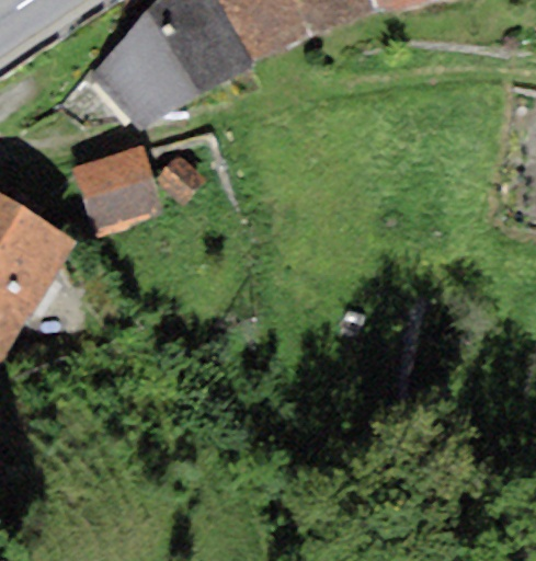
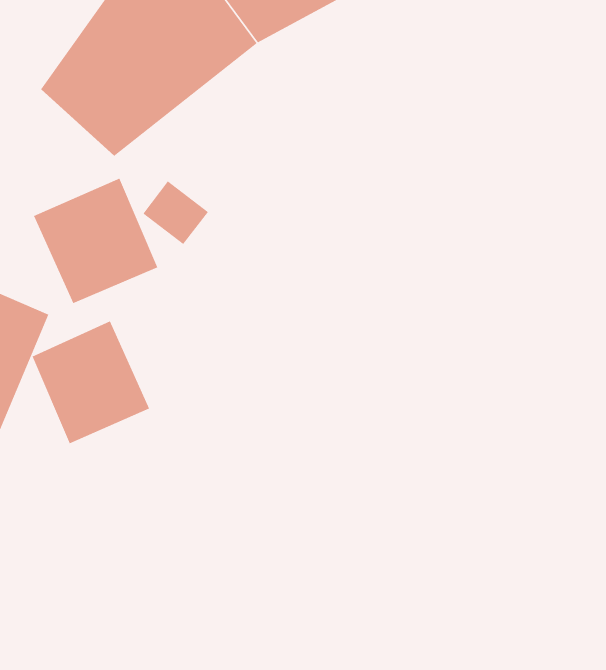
building: none -> [32,321,150,444]

